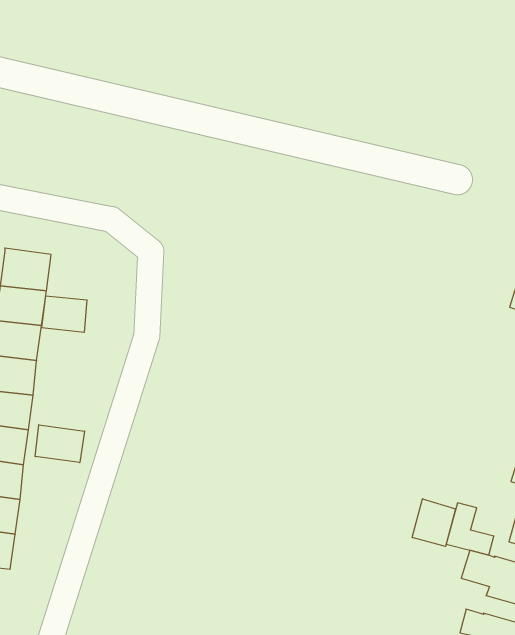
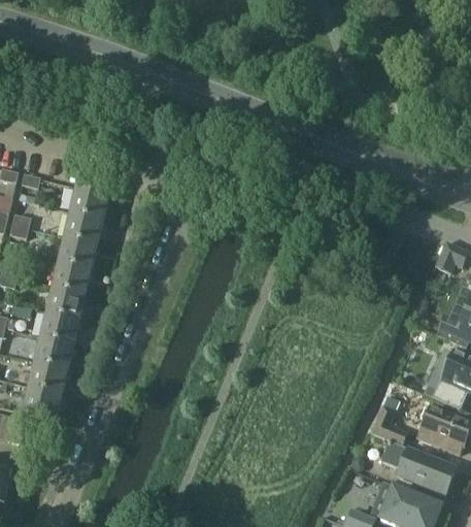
building: [42,296,87,332] -> none
building: [35,425,85,463] -> none
building: [412,499,455,546] -> none

